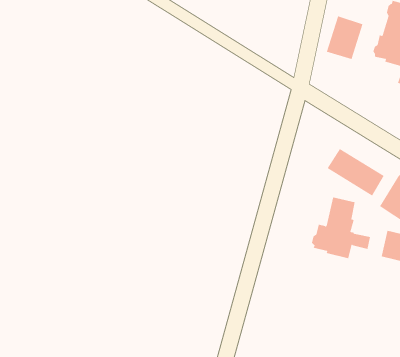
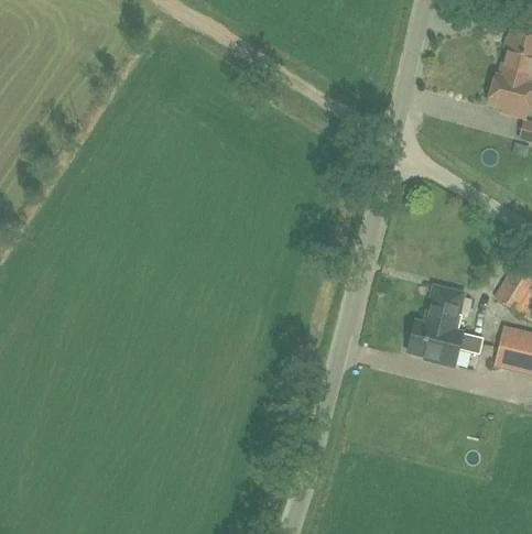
building: [326,16,363,60] -> none
building: [327,148,385,196] -> none

